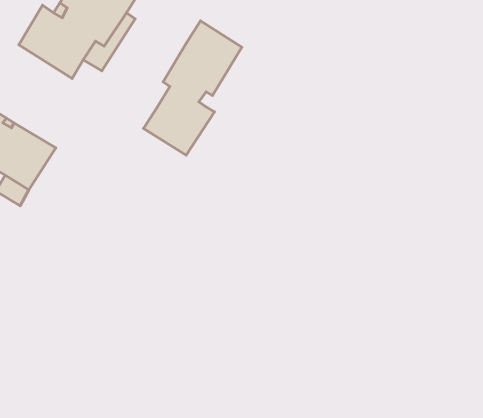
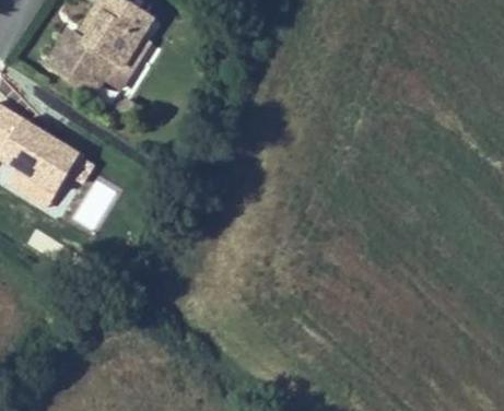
building: [144,21,242,155] -> none

